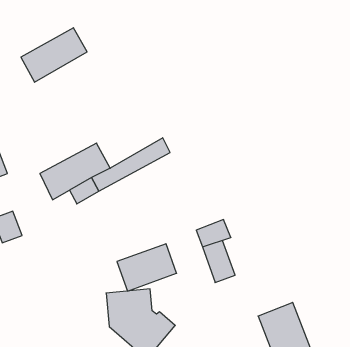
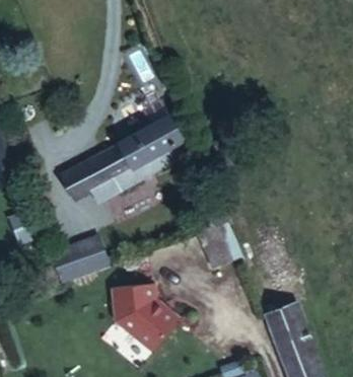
building: [21,28,87,82] -> [107,116,170,168]
building: [117,244,177,291] -> [48,239,105,285]

